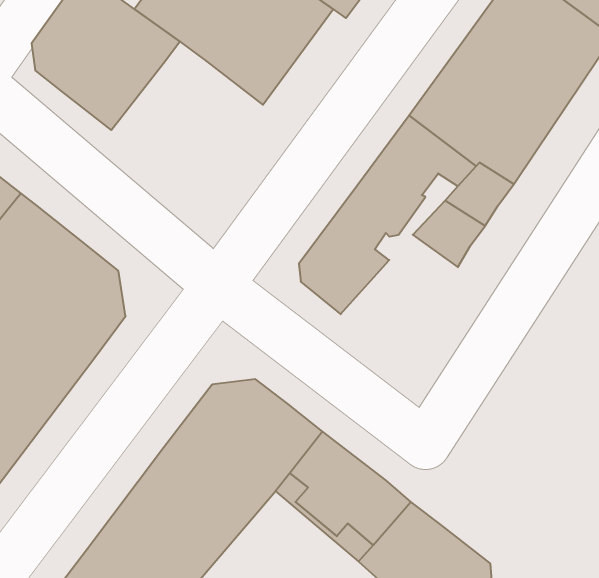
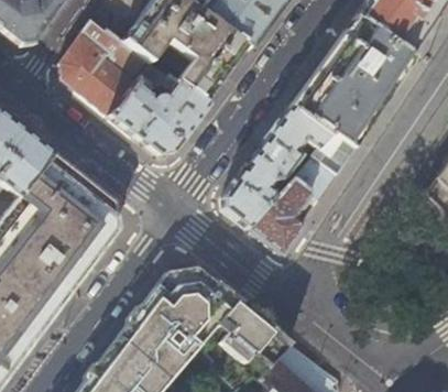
building: none -> [109,72,209,153]
building: none -> [249,177,320,252]

